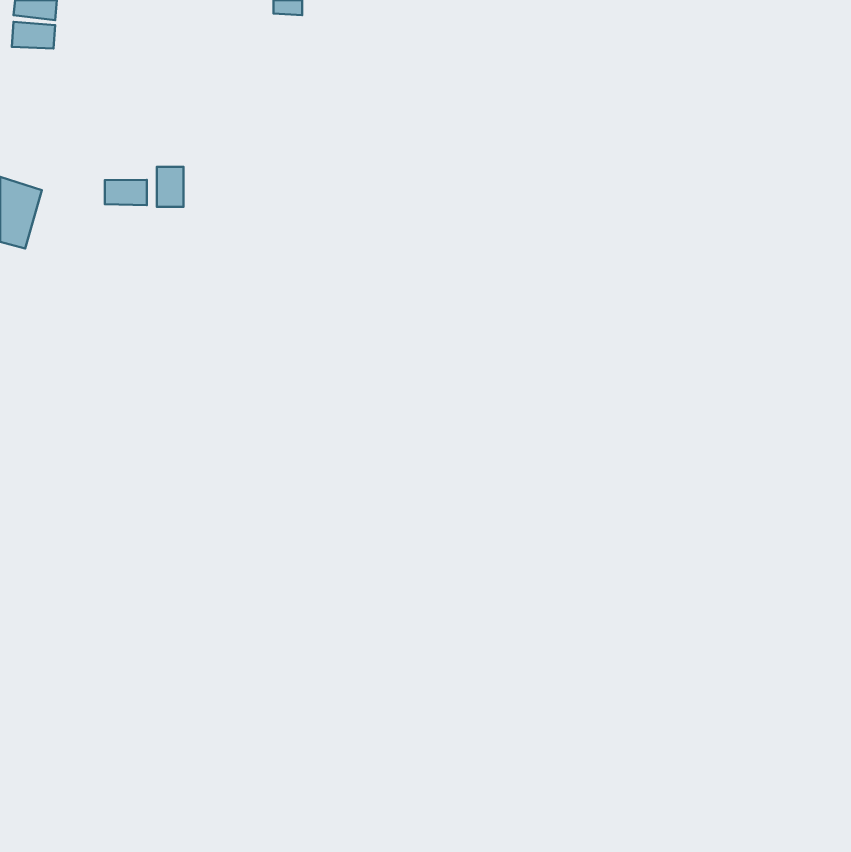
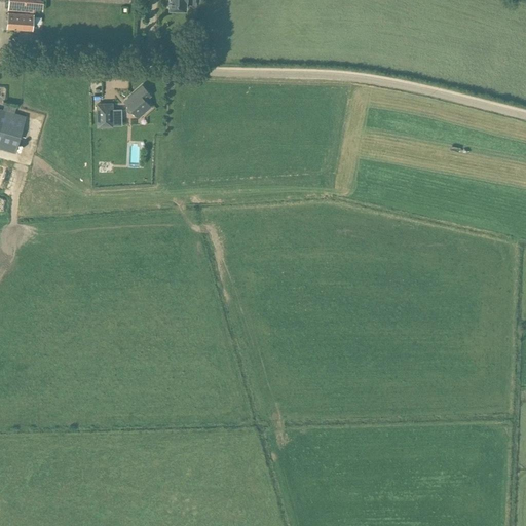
building: none -> [125,85,151,117]
building: [105,180,147,205] -> none

